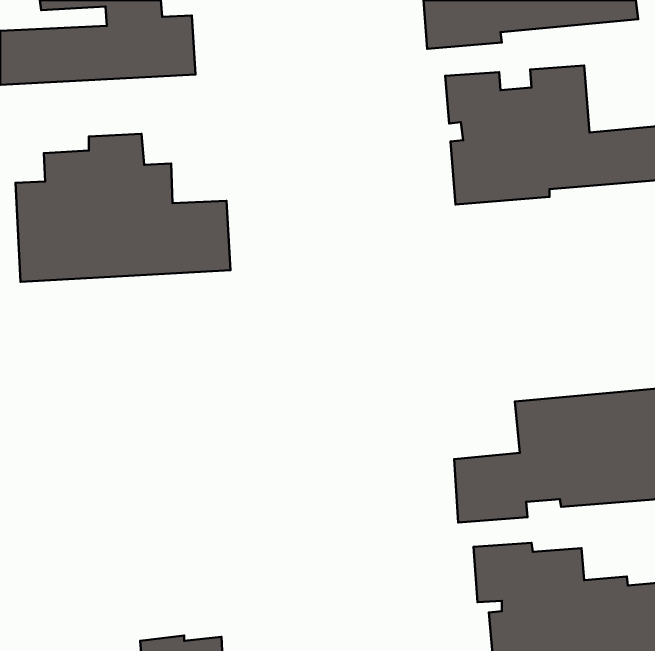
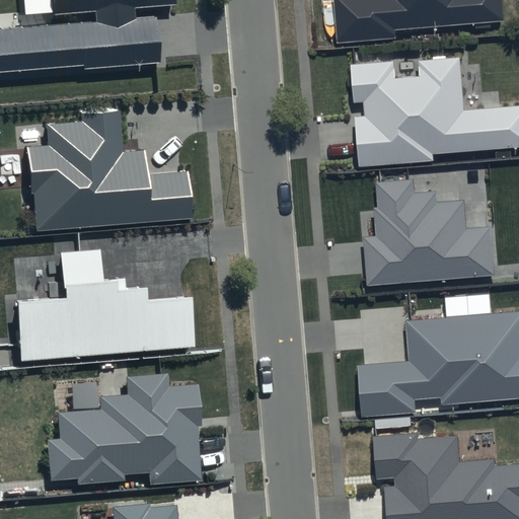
building: none -> [364,179,497,287]
building: none -> [14,249,193,361]
building: none -> [46,374,201,486]

